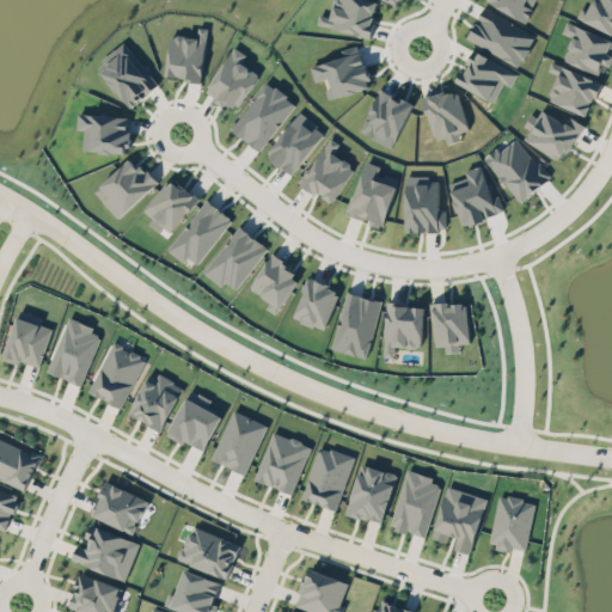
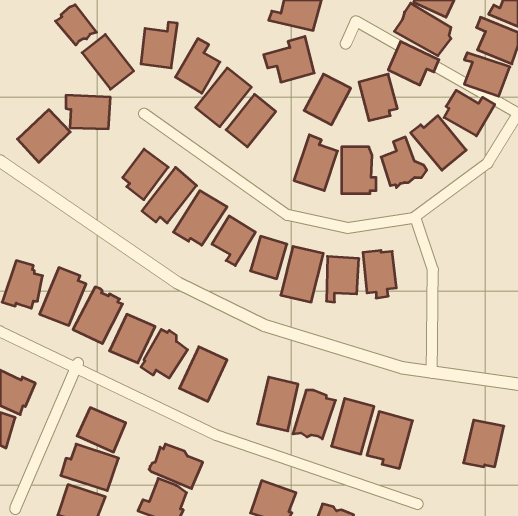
building: none -> [55,5,97,45]
building: [301,139,355,204] -> none
building: [94,158,157,220] -> [17,110,70,162]
building: [253,432,308,492] -> none
building: [488,496,536,551] -> [463,420,504,467]

